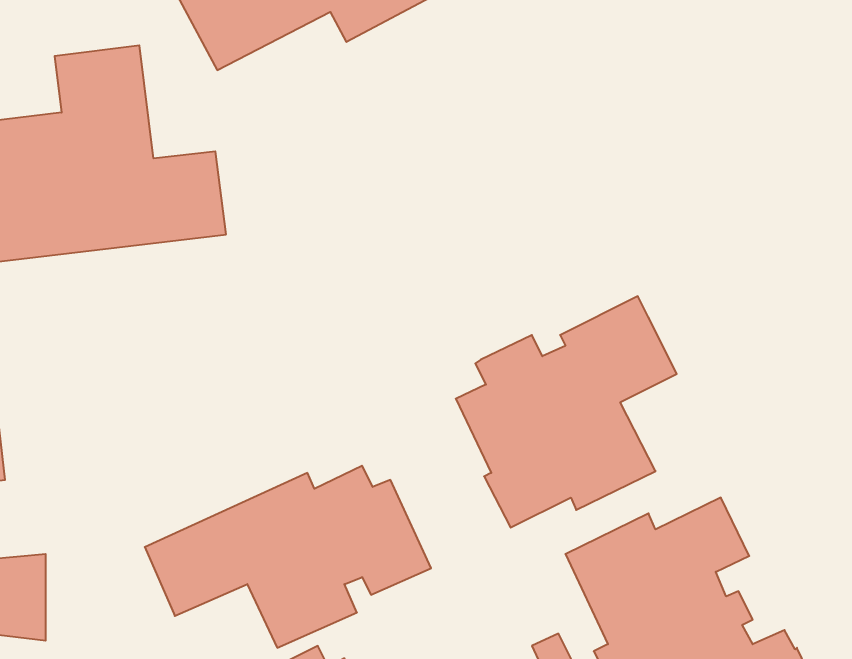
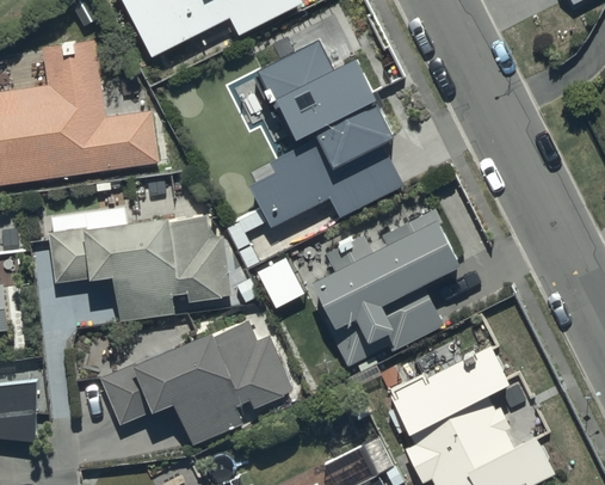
building: none -> [246,39,403,228]
building: none -> [48,215,231,324]

